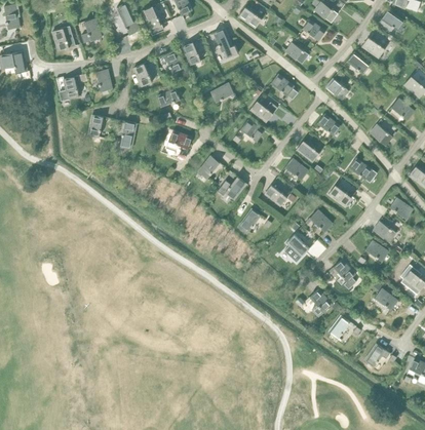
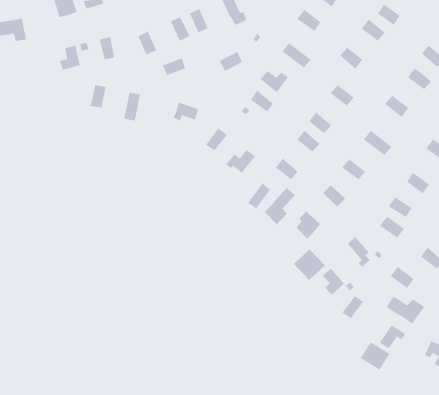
building: none -> [264,187,296,225]
building: none -> [293,248,326,281]
building: none -> [386,295,425,324]
building: none -> [360,341,390,371]

